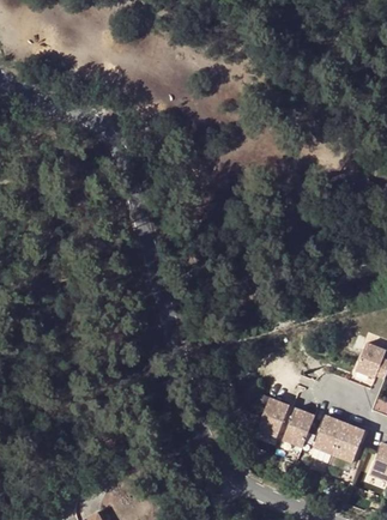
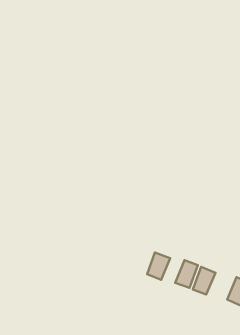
building: none -> [147,252,170,280]
building: [314,416,346,455] -> none

